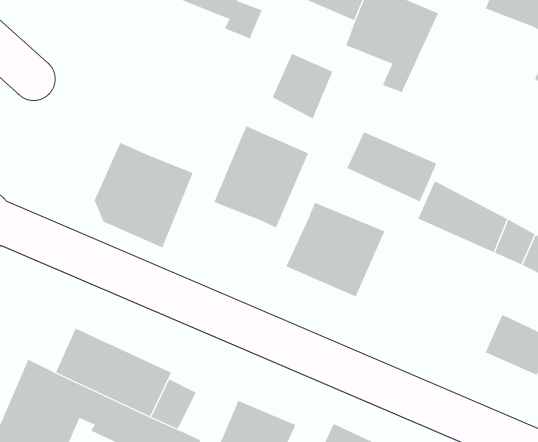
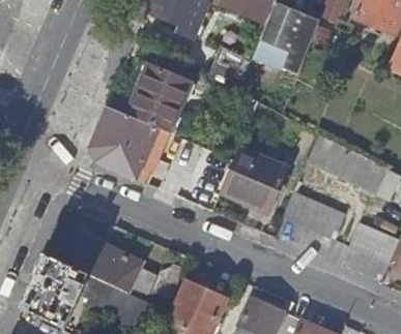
building: [214,125,309,228] -> [125,64,190,133]
building: [347,131,437,202] -> [282,192,343,240]

